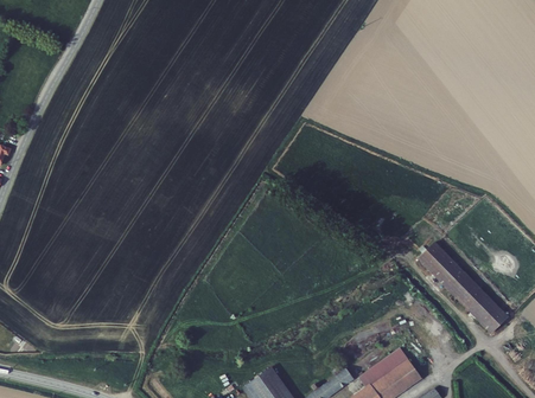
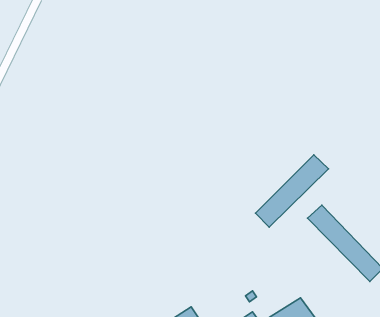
building: none -> [256,155,328,227]

